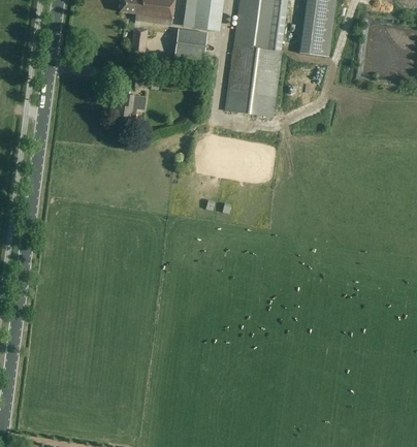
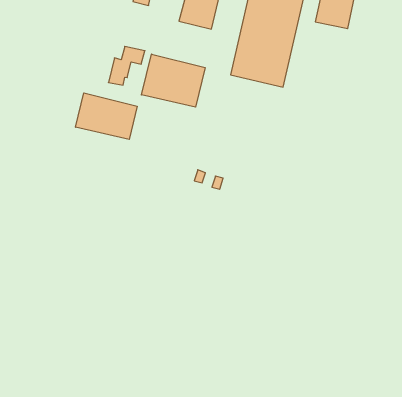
building: none -> [141,54,205,107]
building: none -> [76,93,137,139]

